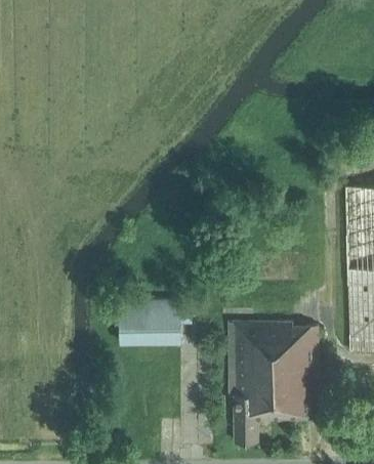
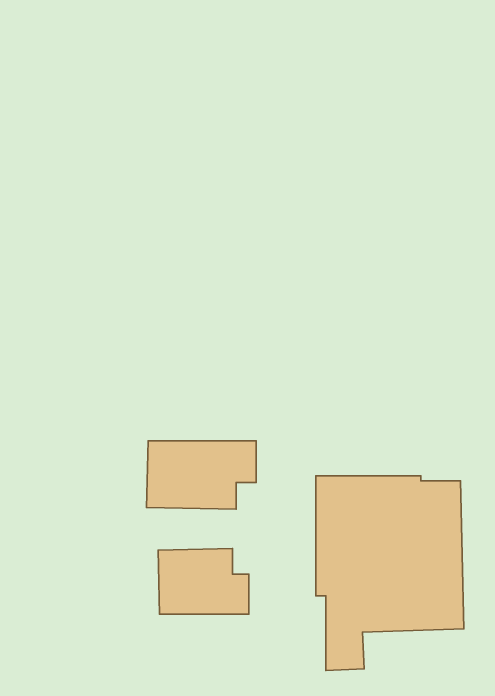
building: none -> [158,549,249,614]

